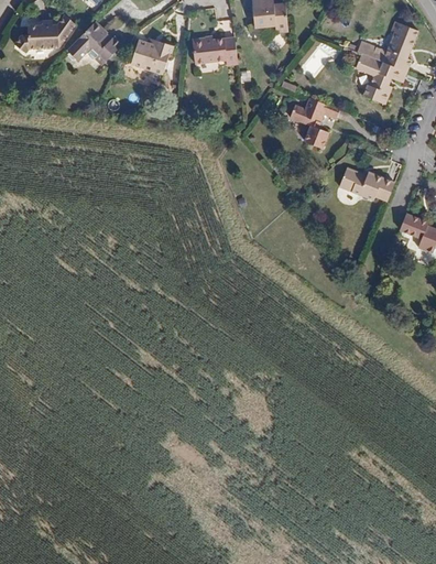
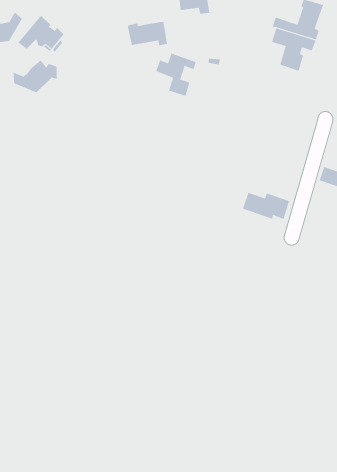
building: [134,37,173,69] -> none
building: none -> [13,60,57,93]
building: [290,97,337,148] -> [155,53,196,96]
building: [339,167,394,202] -> [242,192,290,220]

